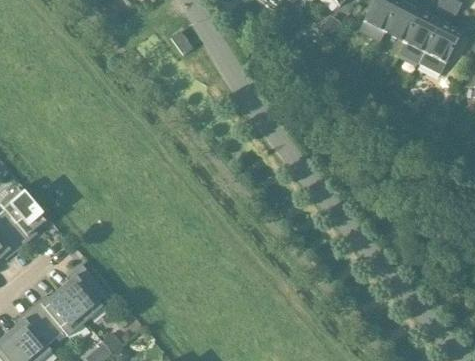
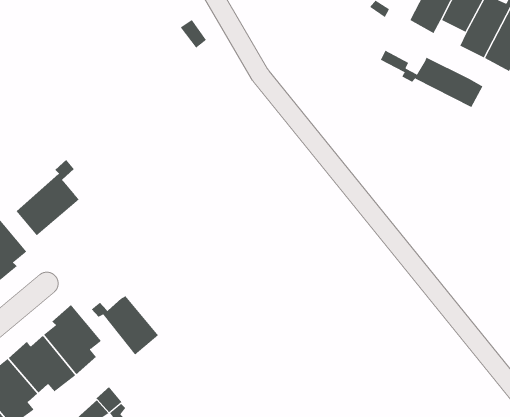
building: none -> [380,50,483,108]
building: none -> [16,159,80,236]
building: none -> [91,296,159,355]

